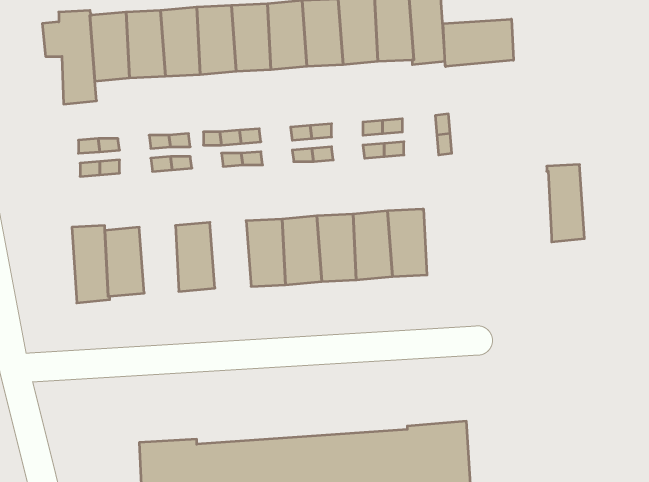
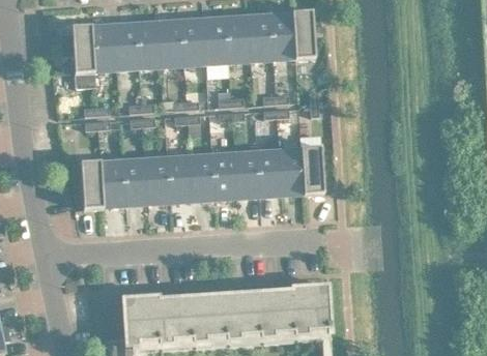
building: [443,19,513,67] -> none
building: [547,165,584,242] -> [302,145,325,194]
building: none -> [168,156,194,199]
building: none -> [123,159,148,202]

